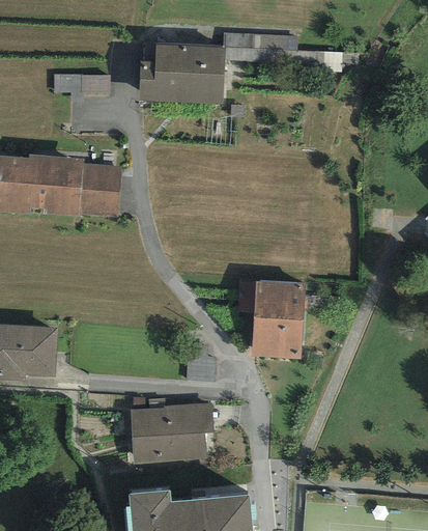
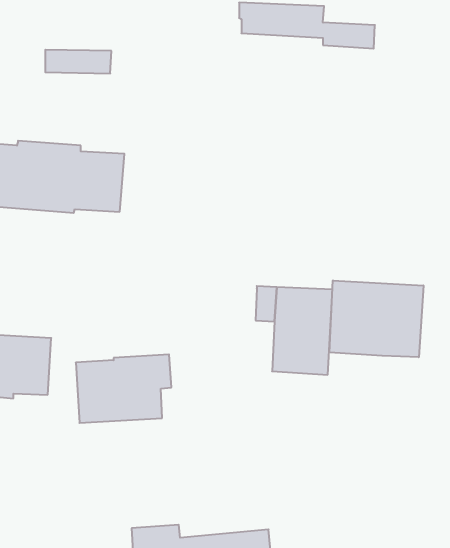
building: [137,44,224,104] -> none
building: none -> [329,280,423,357]
building: [129,402,212,463] -> [76,354,171,423]

